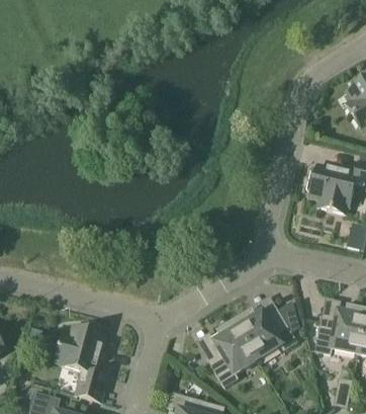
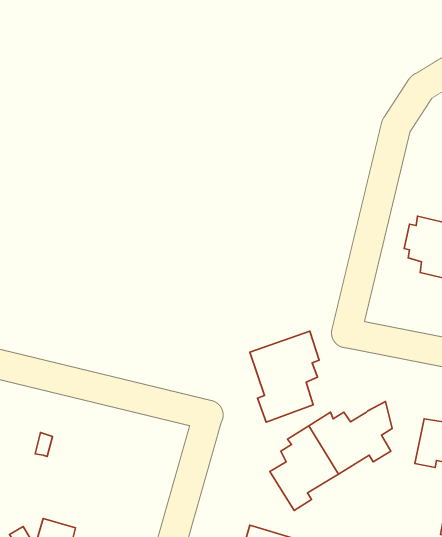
building: none -> [250,331,319,422]
building: [55,323,106,401] -> none

